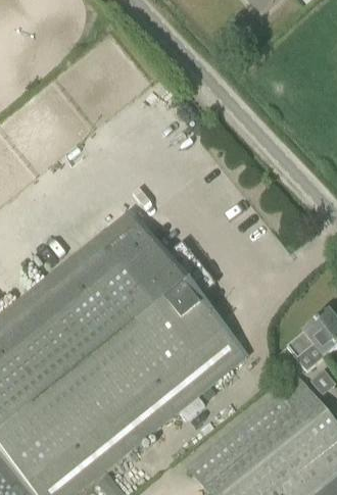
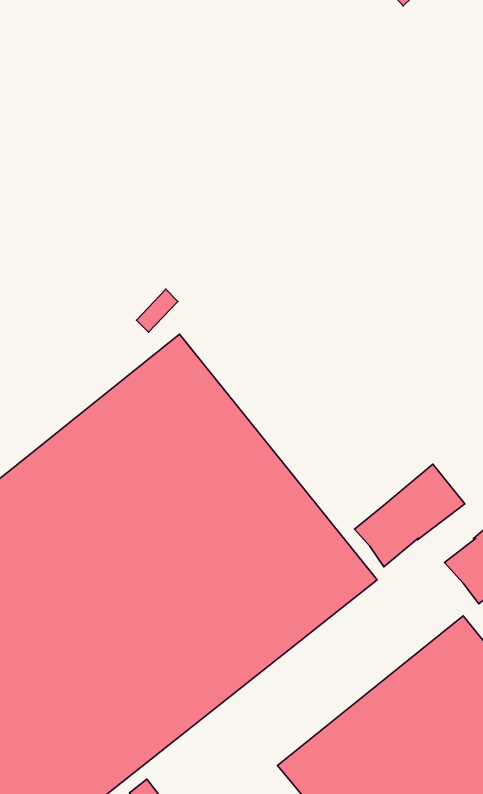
building: none -> [354,464,465,567]

